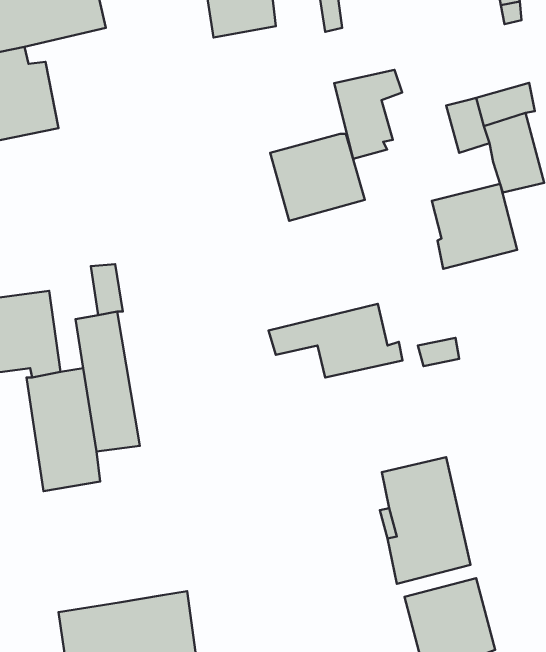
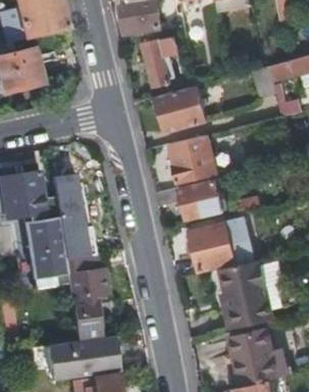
building: [334,70,402,159] -> [143,38,179,86]
building: [432,184,517,269] -> [170,136,216,182]
building: none -> [190,218,252,274]
building: none -> [63,253,105,339]

